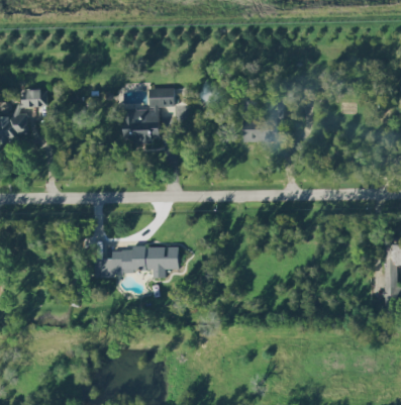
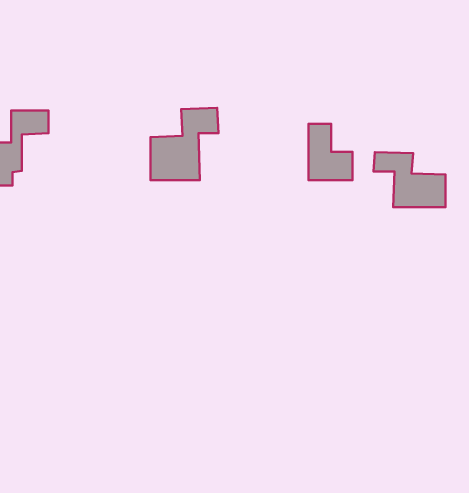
building: none -> [373,152,446,207]
building: [94,246,179,280] -> none

